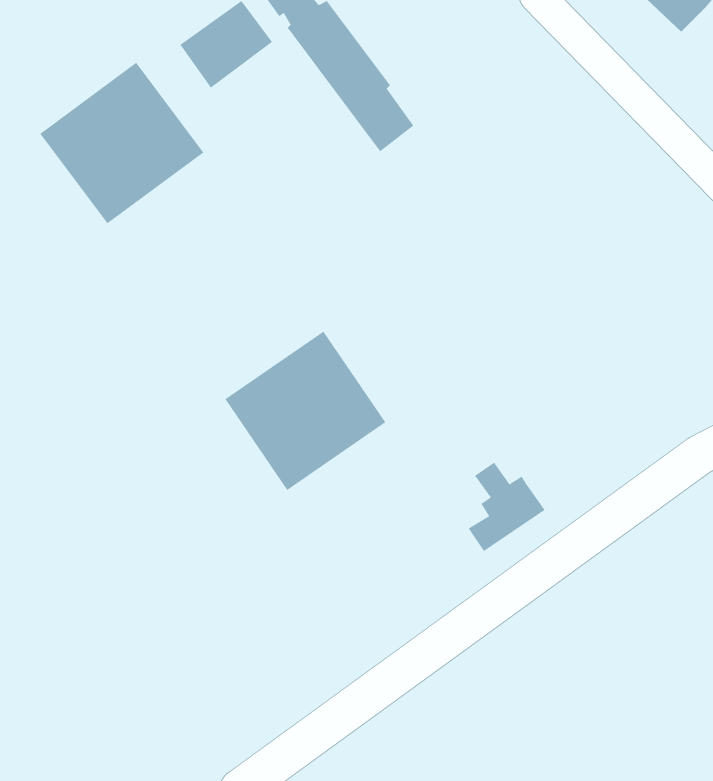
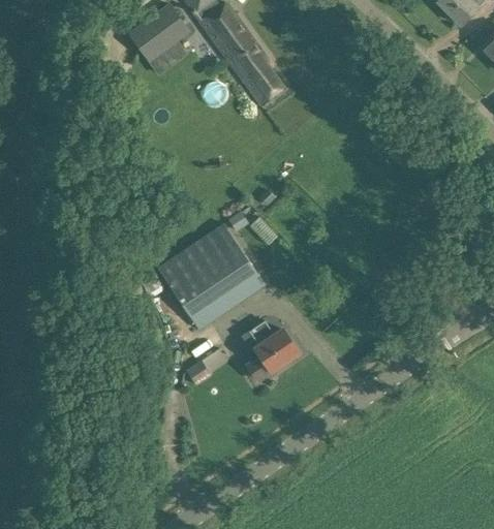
building: [40,62,204,224] -> none
building: [468,462,546,552] -> [248,320,300,380]

